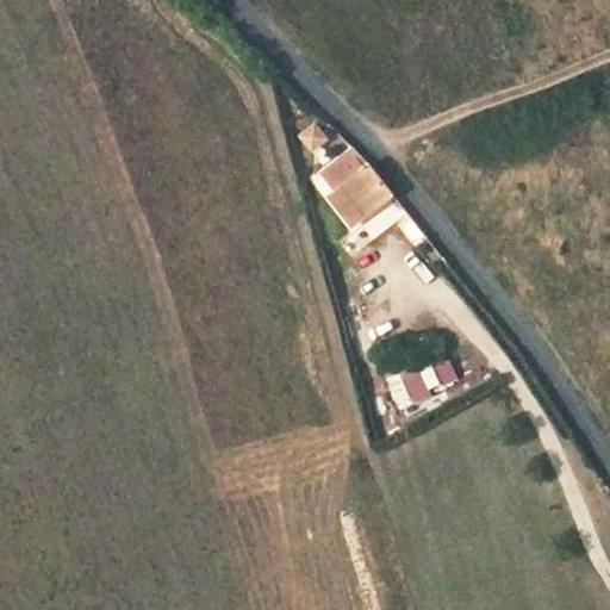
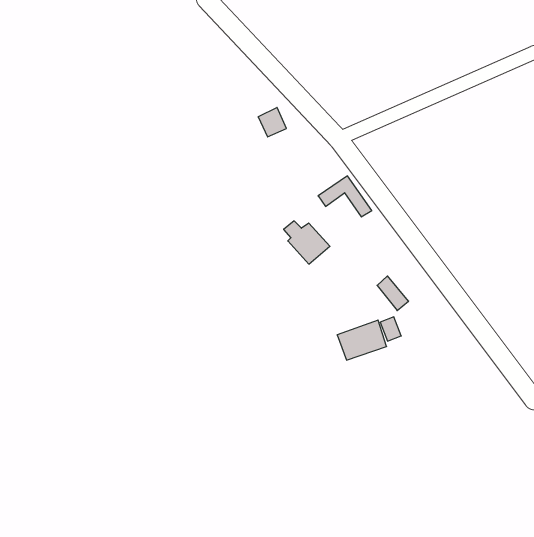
building: [338,162,391,211] -> [284,221,330,264]

